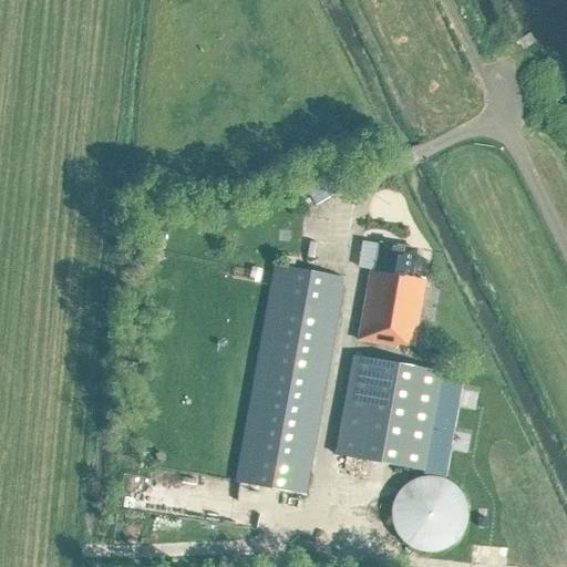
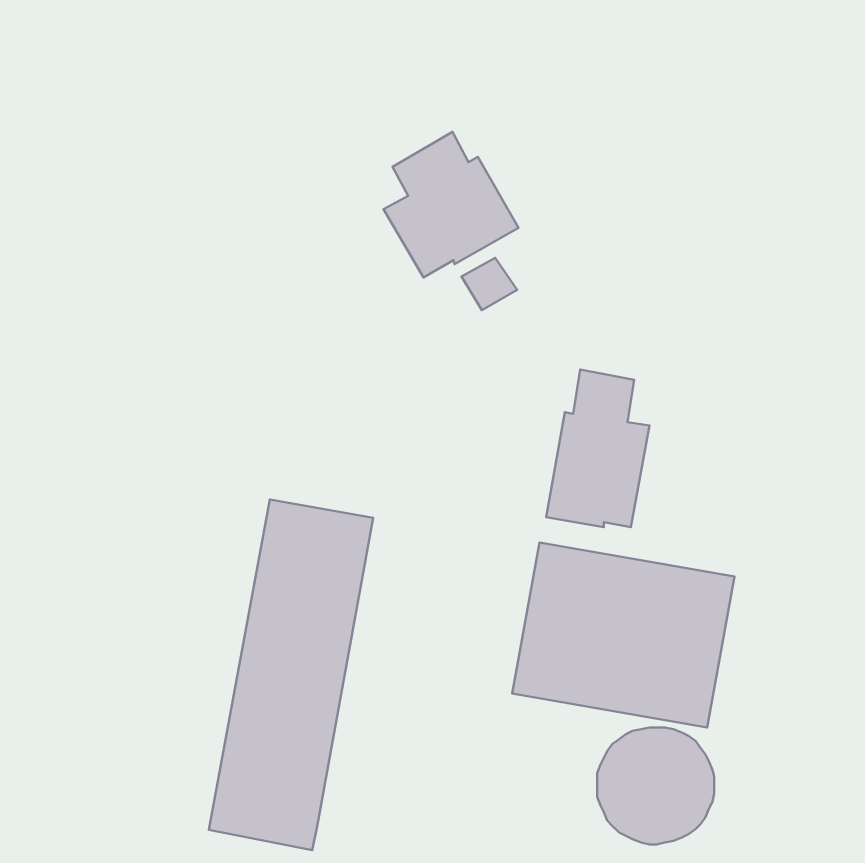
building: none -> [384,132,518,278]
building: [236,264,343,493] -> [209,499,373,850]

